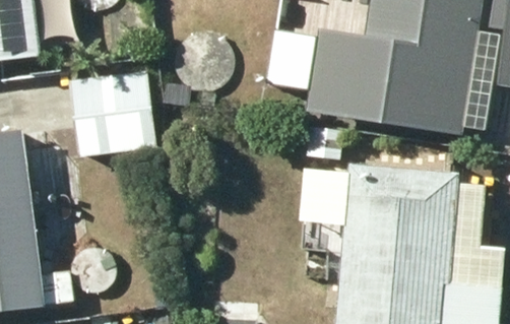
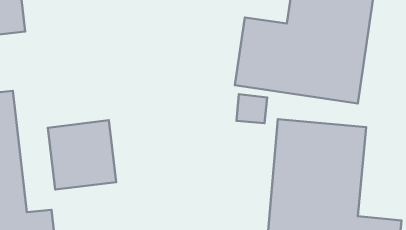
building: [71,69,155,154] -> [48,120,116,190]

